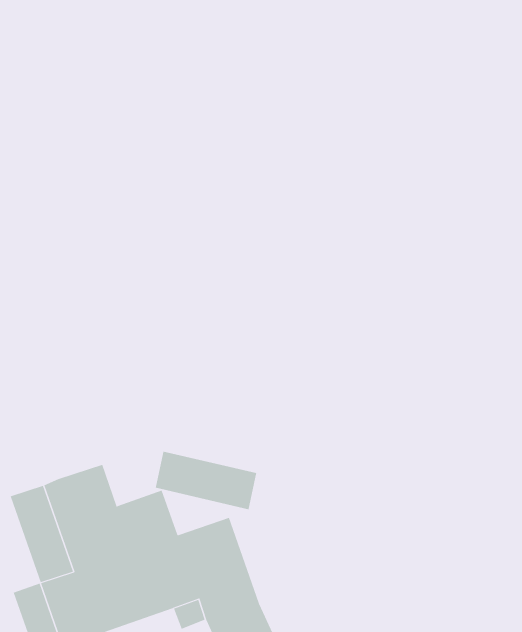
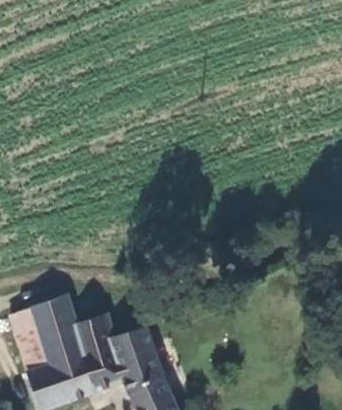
building: [155,451,257,510] -> none

